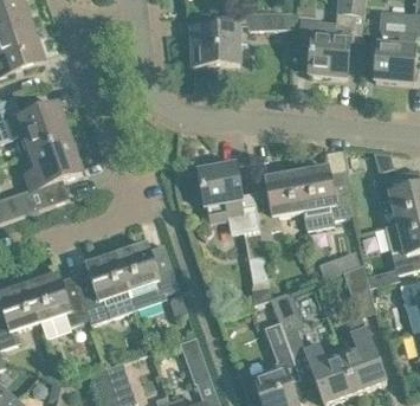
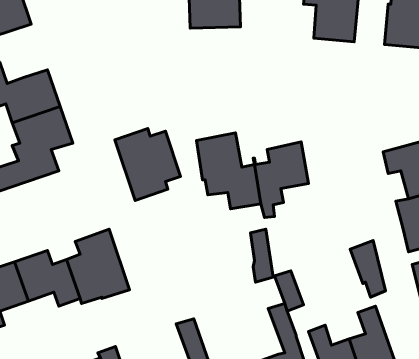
building: [297,165,353,228] -> none
building: [117,241,179,309] -> [115,128,181,201]

